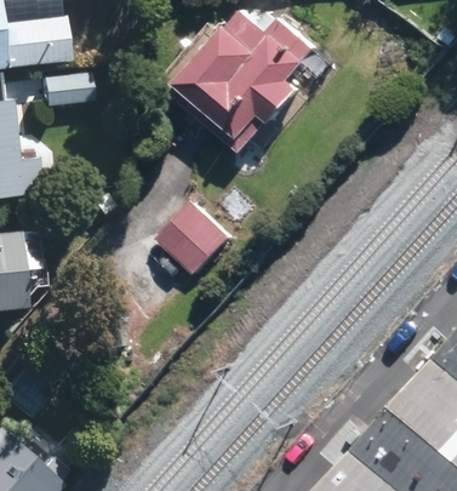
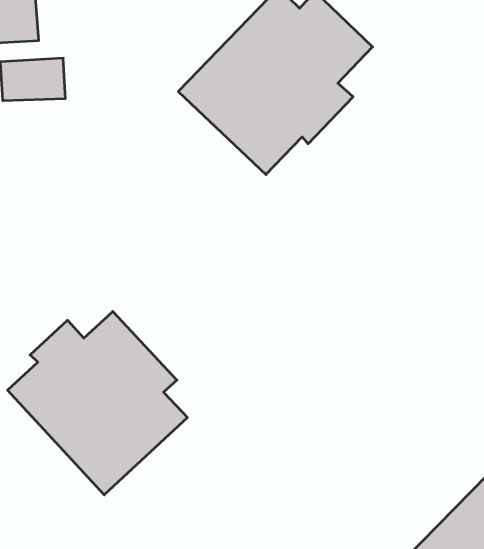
building: [164,201,235,273] -> none
building: none -> [8,311,187,495]

